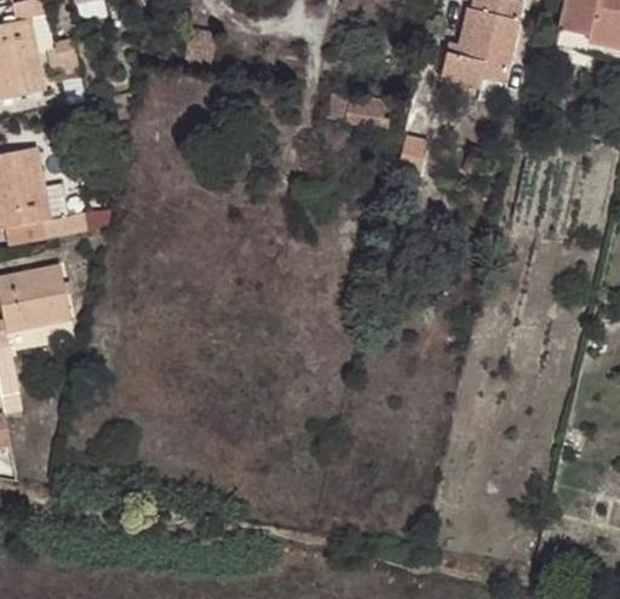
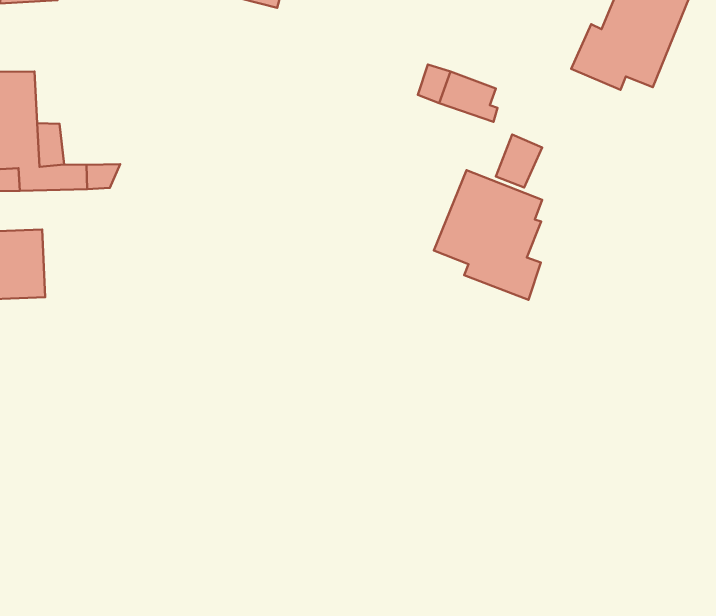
building: none -> [434,170,542,300]

